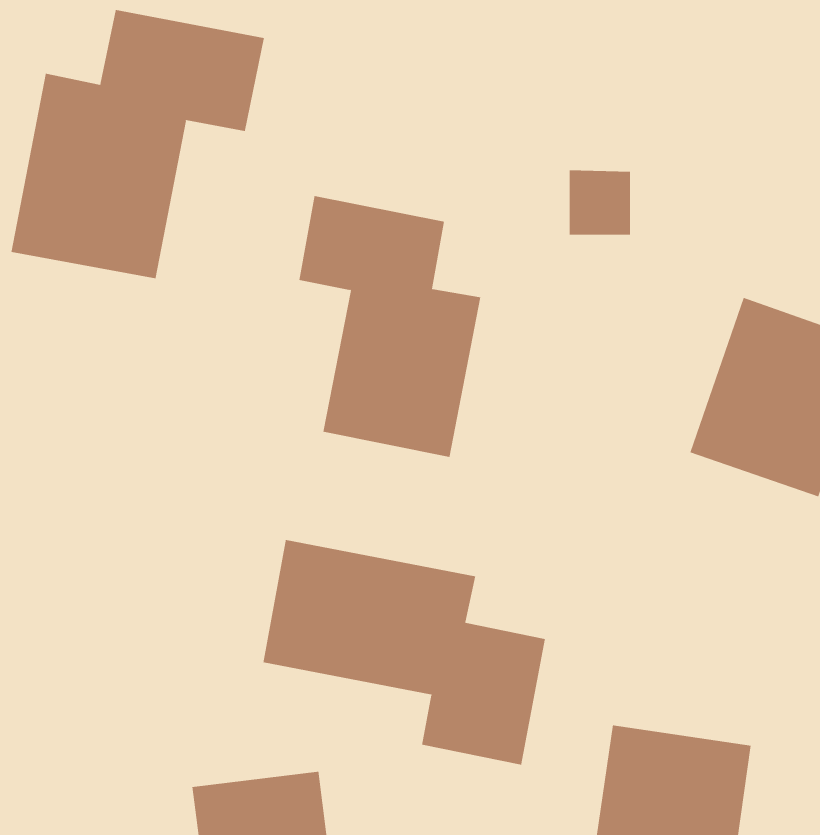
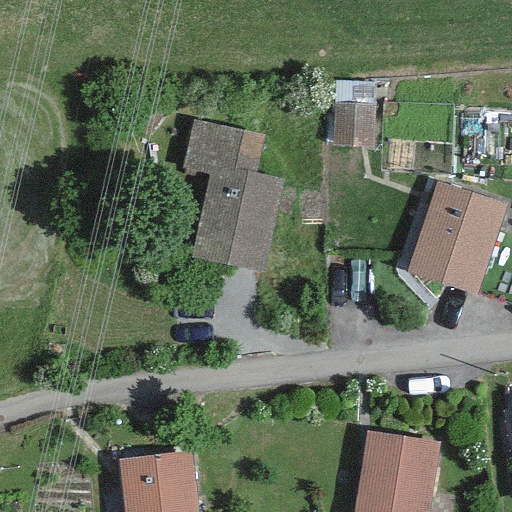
building: [11,9,264,279] -> none
building: [263,539,545,765] -> none

